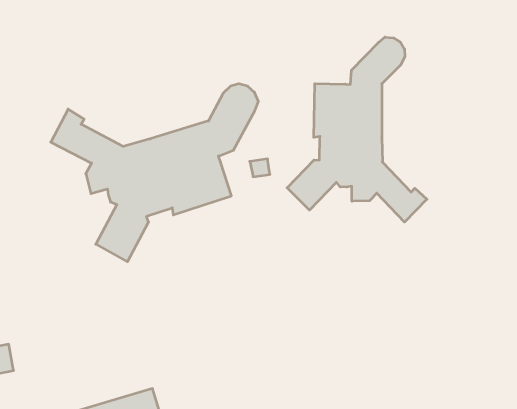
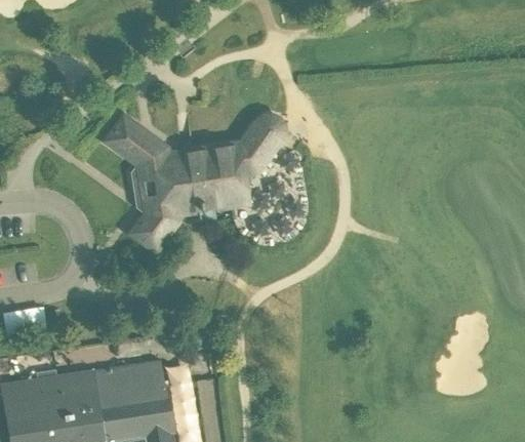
building: [287,37,427,222] -> none

